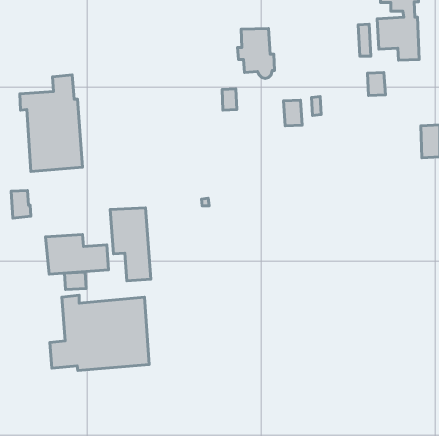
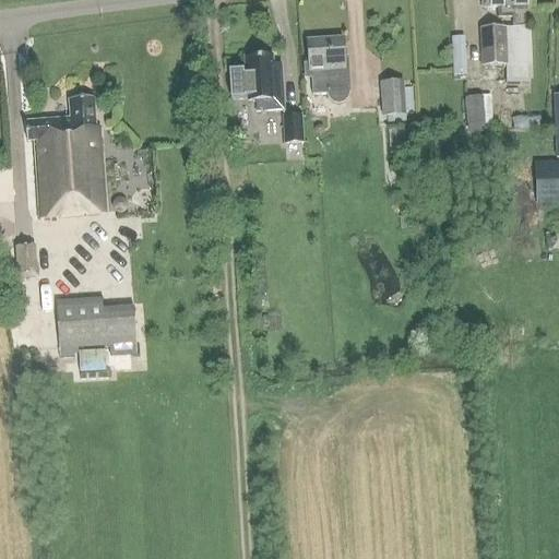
building: none -> [228,52,282,108]
building: [283,100,302,126] -> [380,80,404,112]
building: [110,208,151,281] -> none
building: [50,295,149,370] -> none

